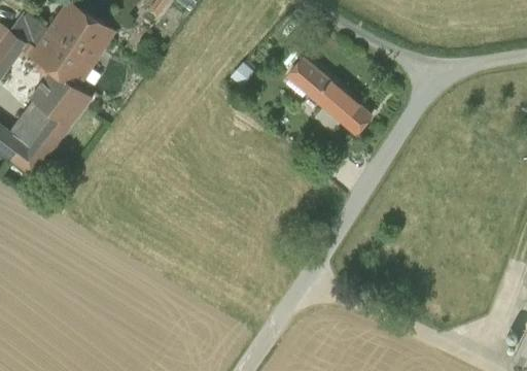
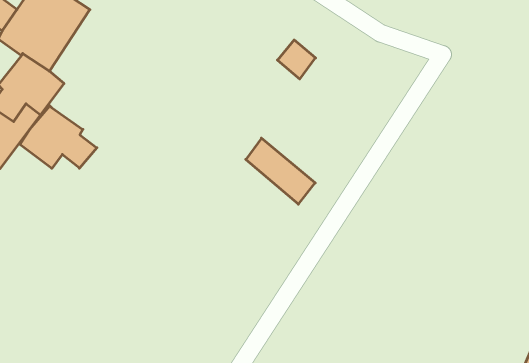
building: [307,74,371,135] -> [246,138,315,204]
building: none -> [20,106,97,168]

